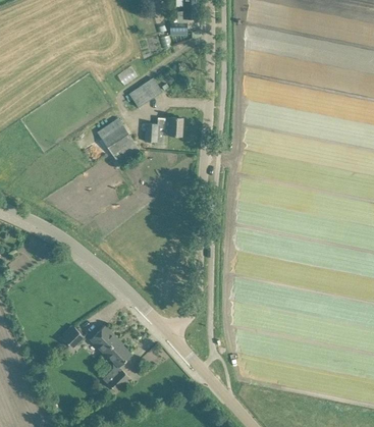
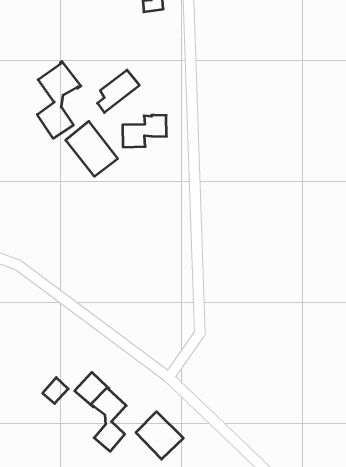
building: none -> [37,61,81,138]
building: none -> [136,412,183,459]

